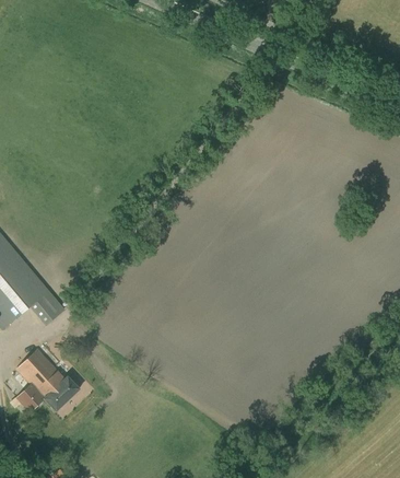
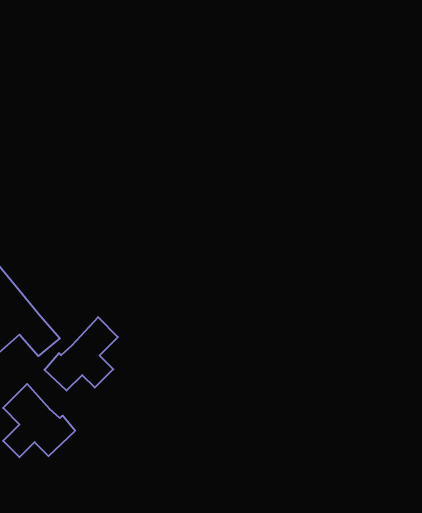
building: none -> [44,317,118,391]

